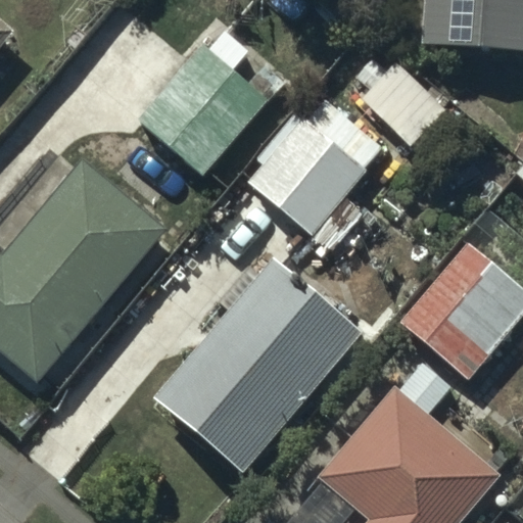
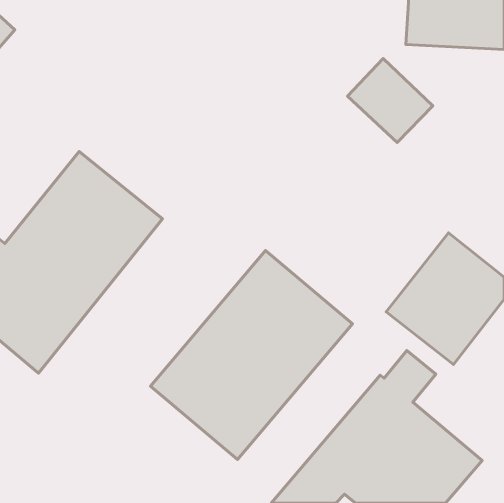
building: [138,45,300,178] -> none
building: [249,95,384,245] -> none

